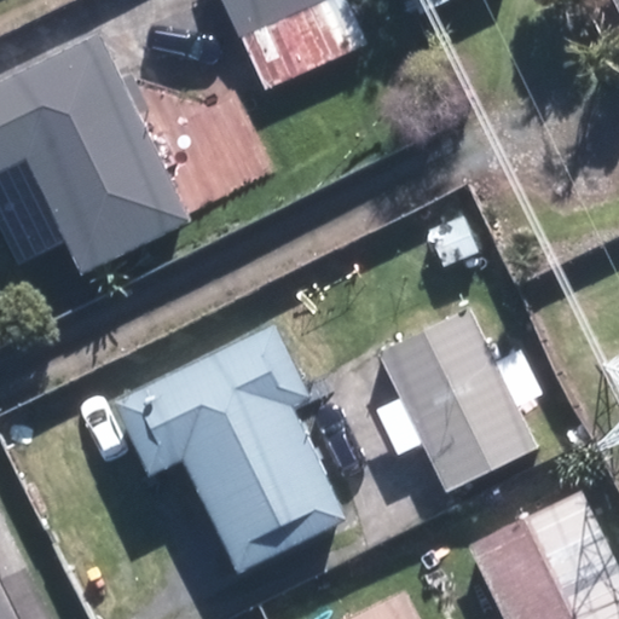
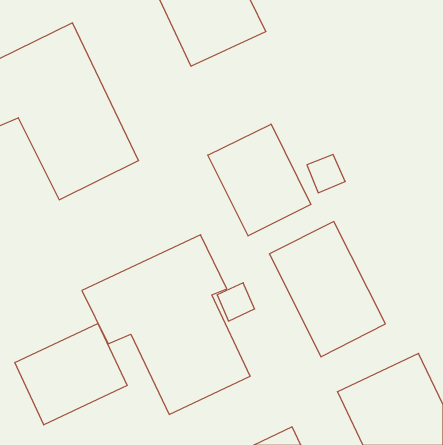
building: none -> [208,124,311,236]
building: none -> [15,324,127,425]

